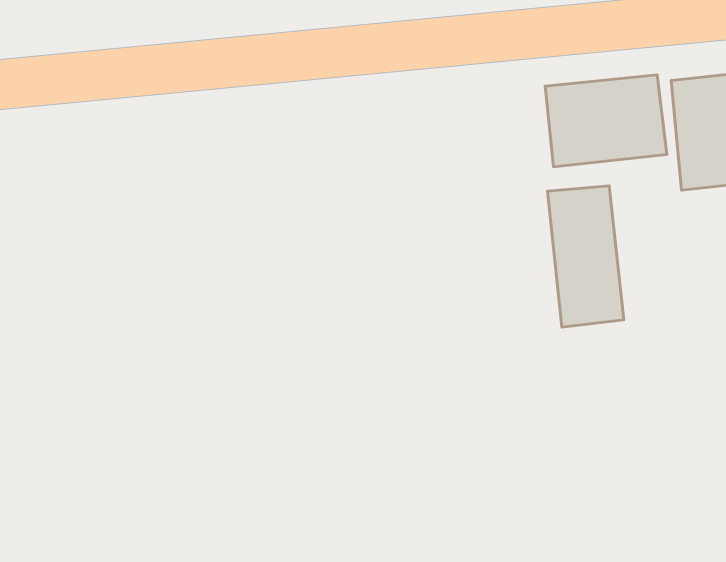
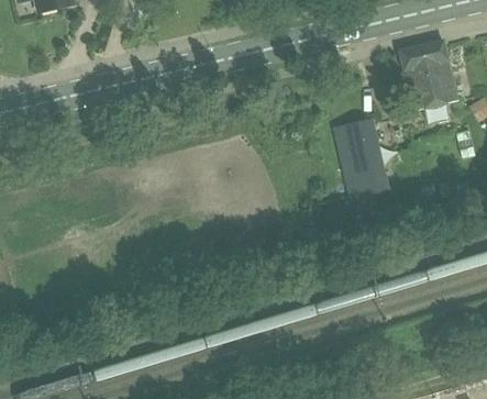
building: [545,75,667,167] -> none

